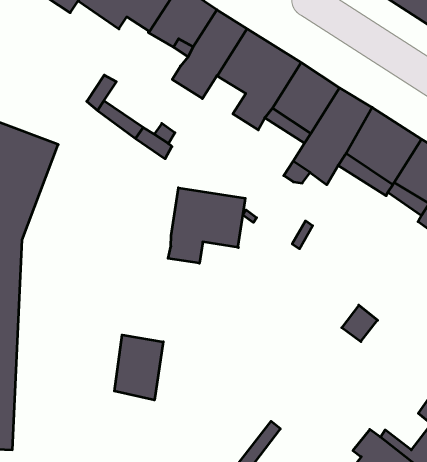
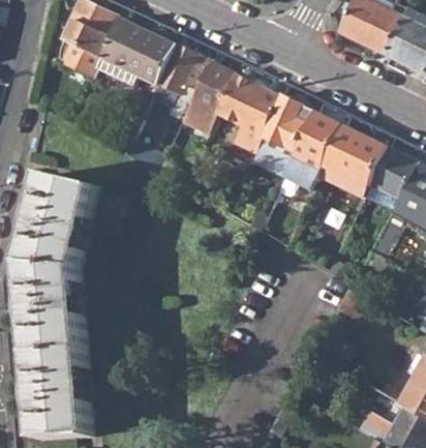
building: [168,188,245,263] -> none
building: [114,335,163,400] -> none

